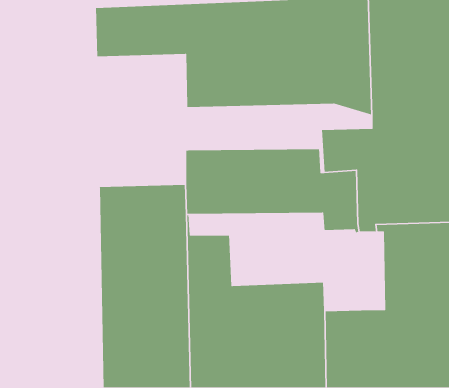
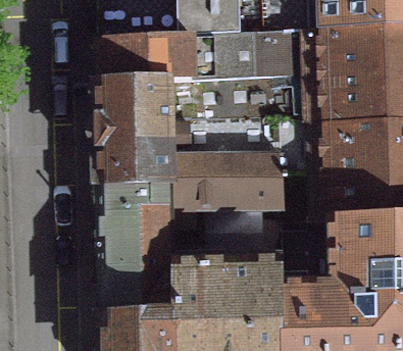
building: none -> [95,82,169,188]

